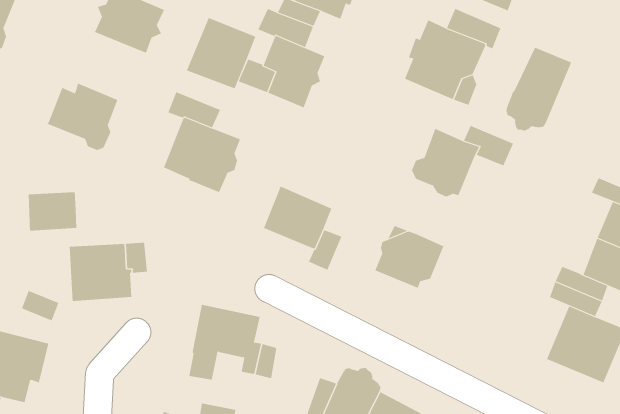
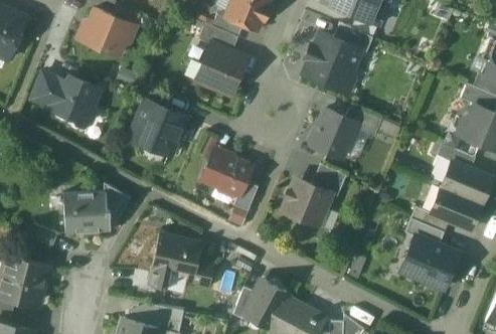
building: [186,17,256,89] -> none
building: [506,47,572,132] -> none
building: none -> [30,73,57,106]
building: [28,191,77,231] -> none
building: none -> [311,165,345,197]

